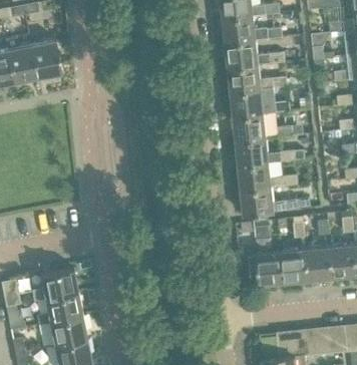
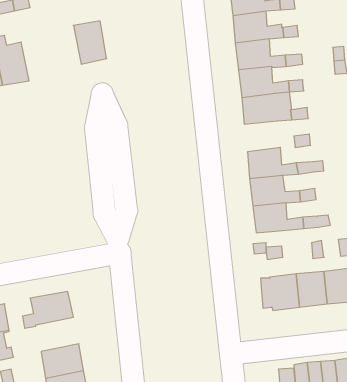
building: [31,38,61,77] -> [73,21,107,64]
building: [233,113,266,141] -> none
building: [36,291,83,325] -> none

